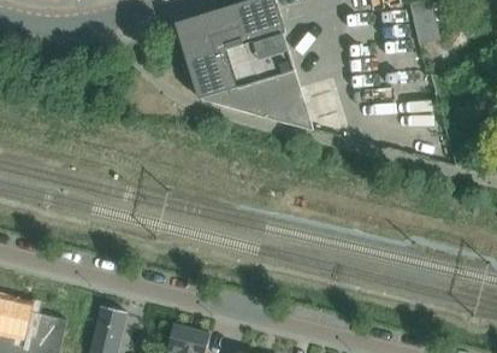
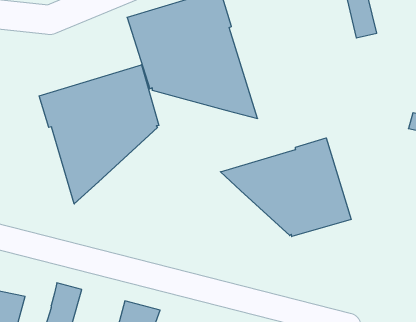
building: none -> [39,65,159,204]
building: none -> [220,138,351,237]

